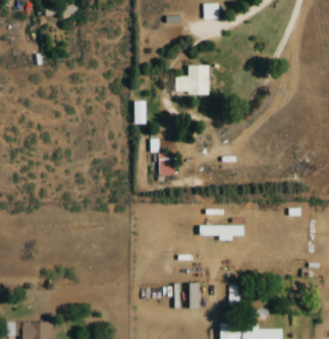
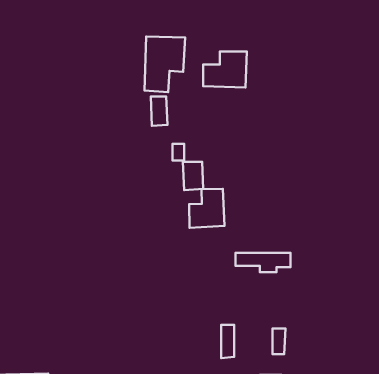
building: none -> [145,36,185,92]
building: none -> [189,189,224,228]

